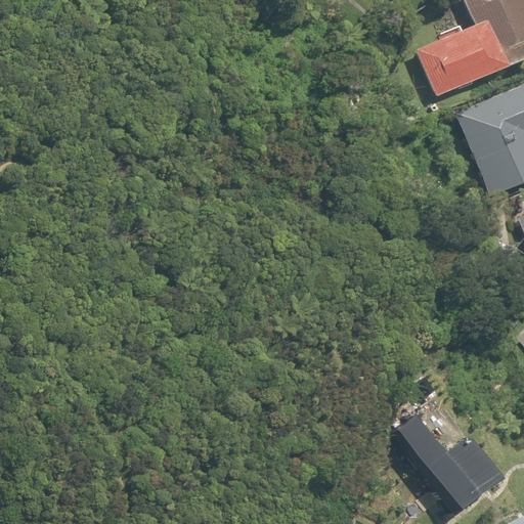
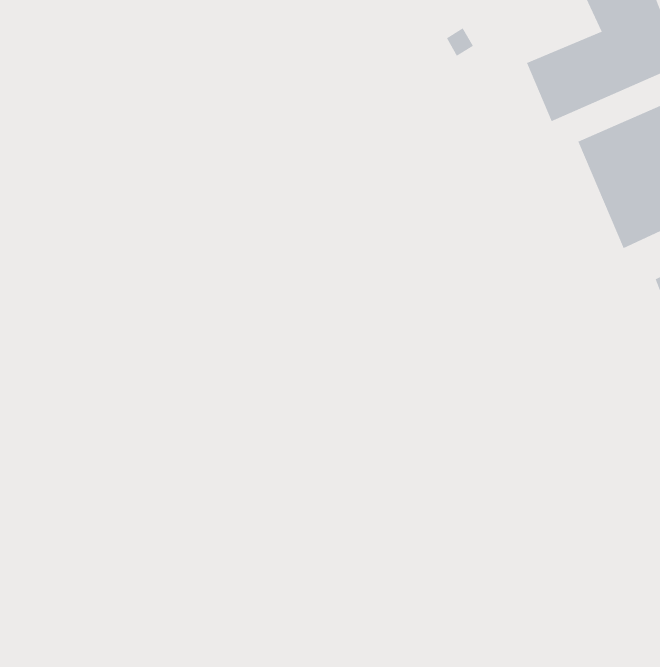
building: [393,412,497,511] -> none

